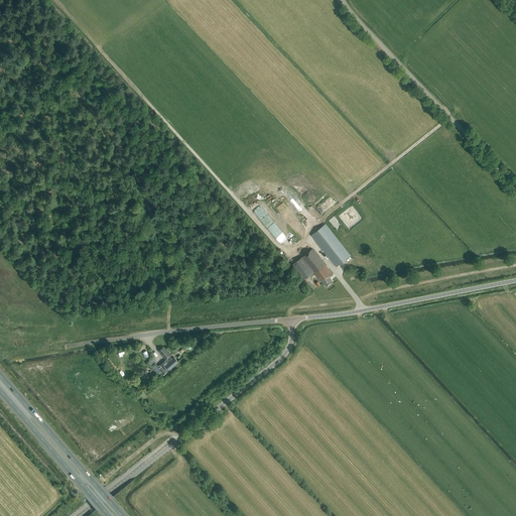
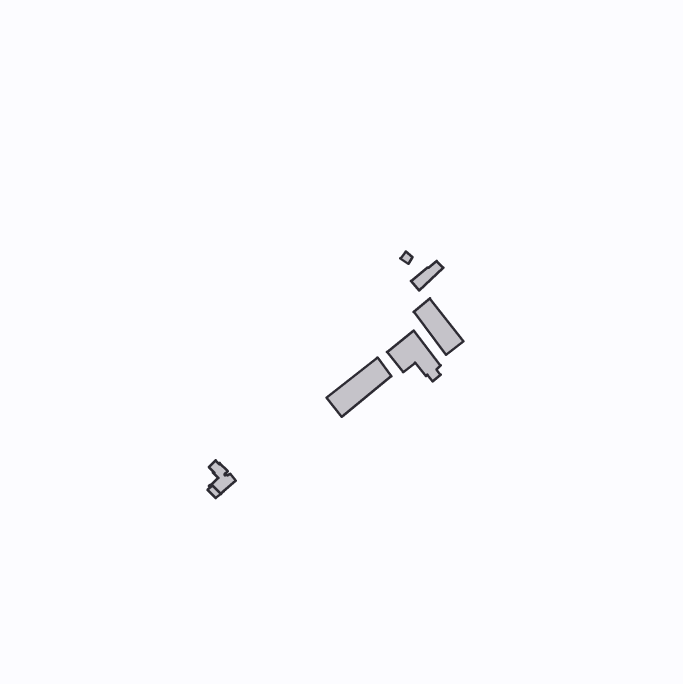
building: none -> [327,358,391,417]

